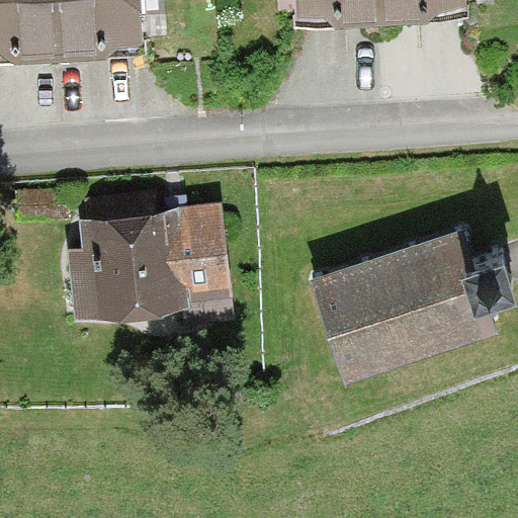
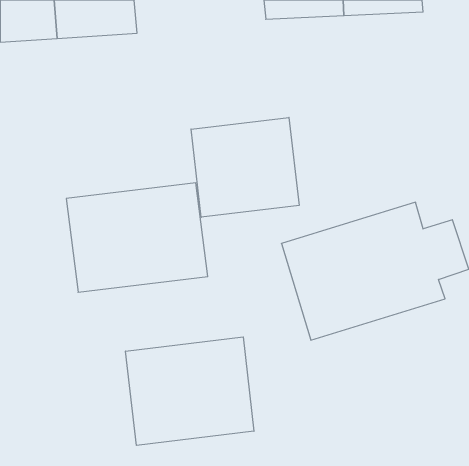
building: none -> [191,117,299,217]
building: none -> [126,337,254,445]

